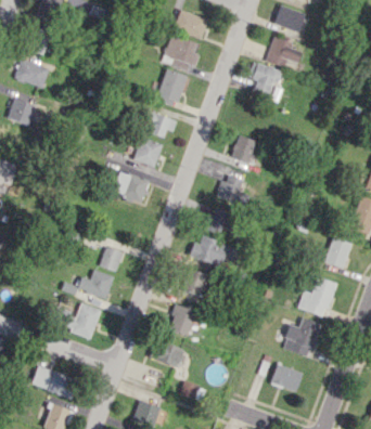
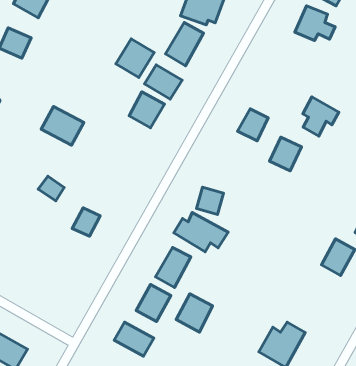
building: [252,62,283,95] -> [303,97,339,136]
building: none -> [116,39,154,78]
building: [113,171,150,203] -> [41,106,84,145]
building: [218,174,244,203] -> [270,137,302,171]
building: [78,270,114,299] -> none
building: [298,276,335,316] -> none
building: [55,303,102,338] -> none
building: none -> [176,294,212,332]

